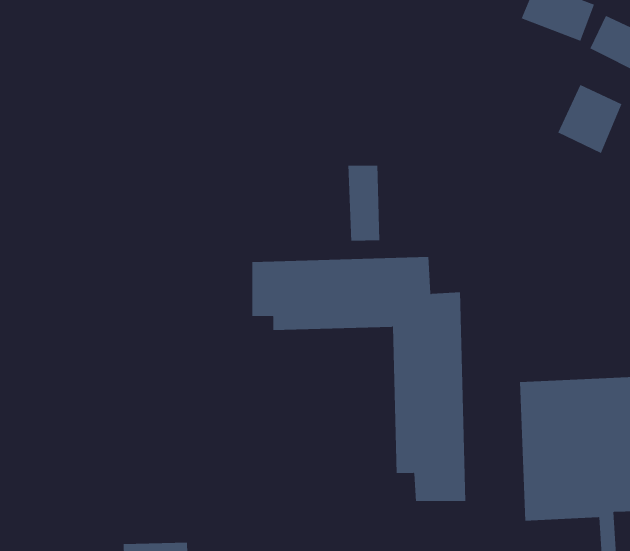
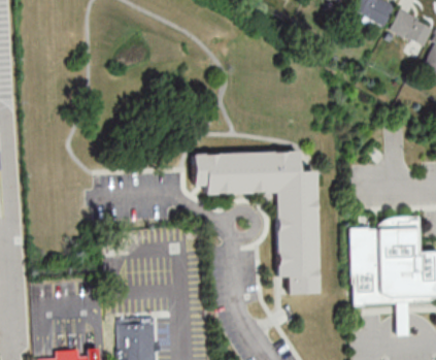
building: [558,84,622,154] -> none
building: [348,165,380,242] -> none

